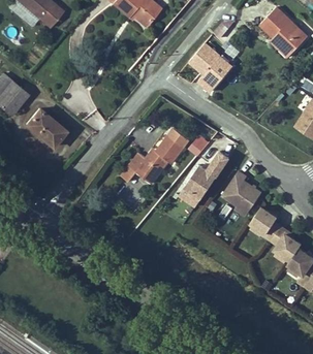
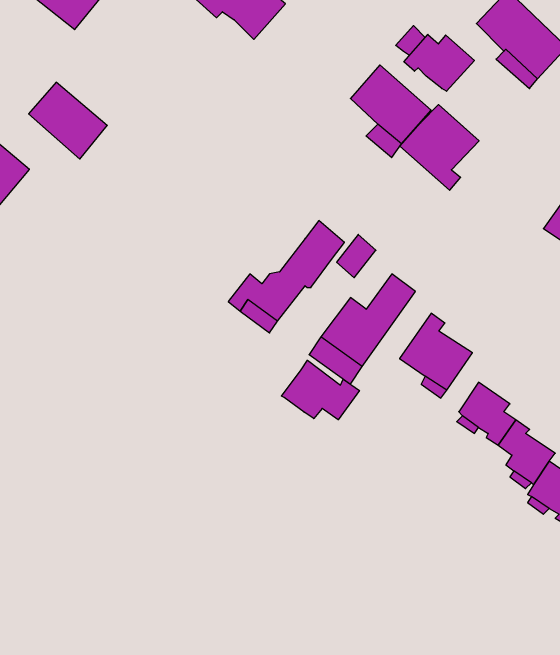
building: none -> [404,34,474,91]
building: none -> [400,105,479,190]
building: [23,108,64,149] -> [29,82,107,159]
building: none -> [281,360,359,420]

